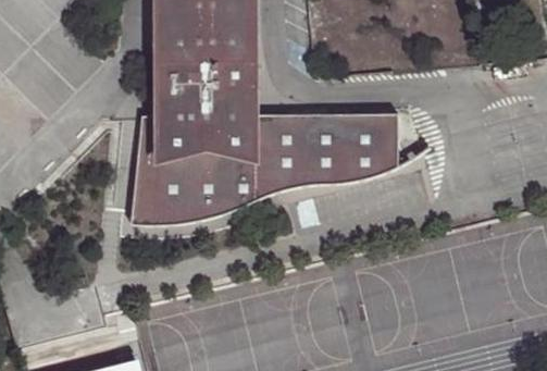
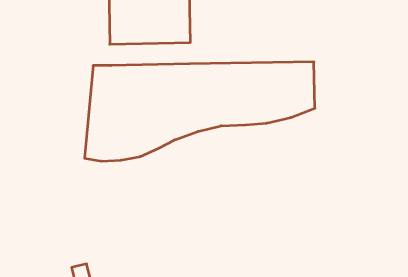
building: [162,86,257,113] -> none

